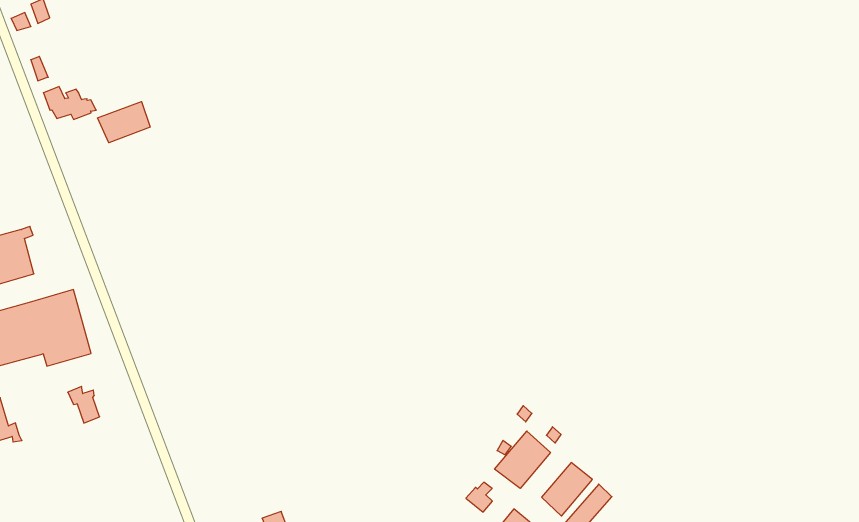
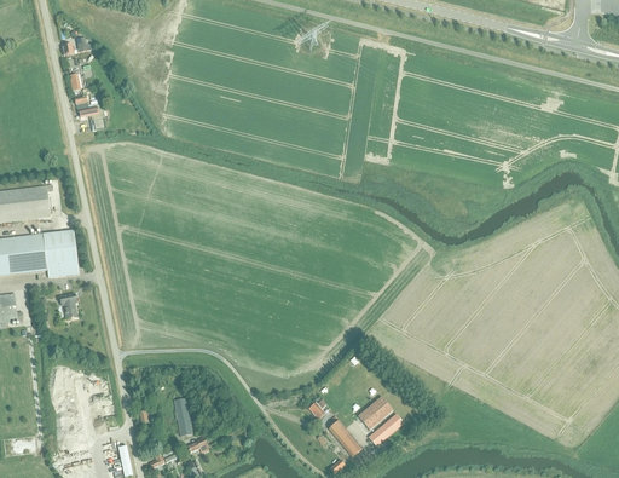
building: [98,102,150,143] -> none
building: [495,431,550,488] -> none

